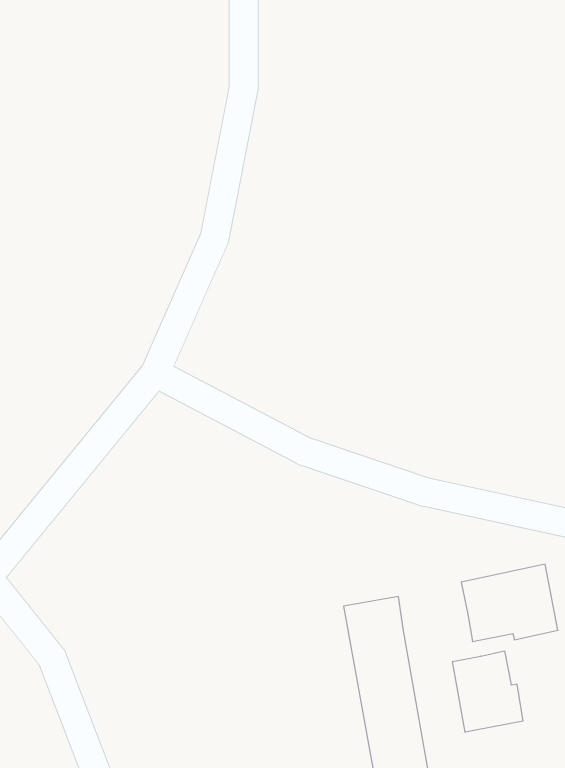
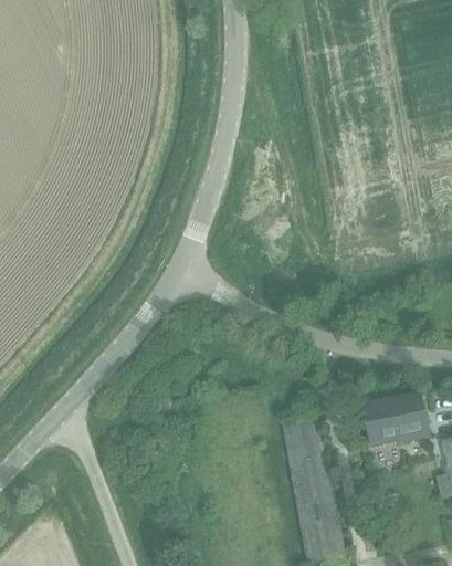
building: [453,651,523,732] -> none

